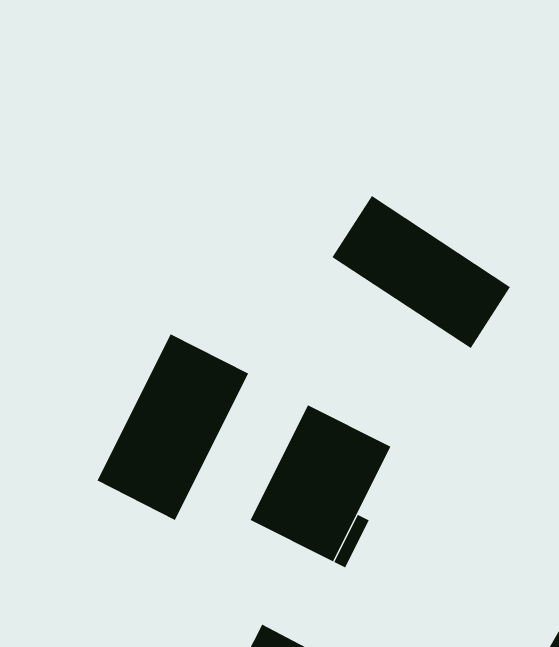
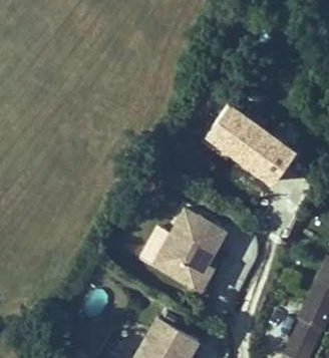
building: [97,334,249,521] -> none

